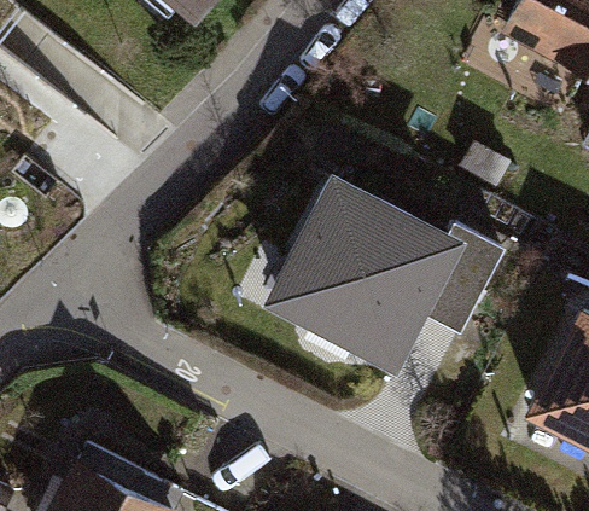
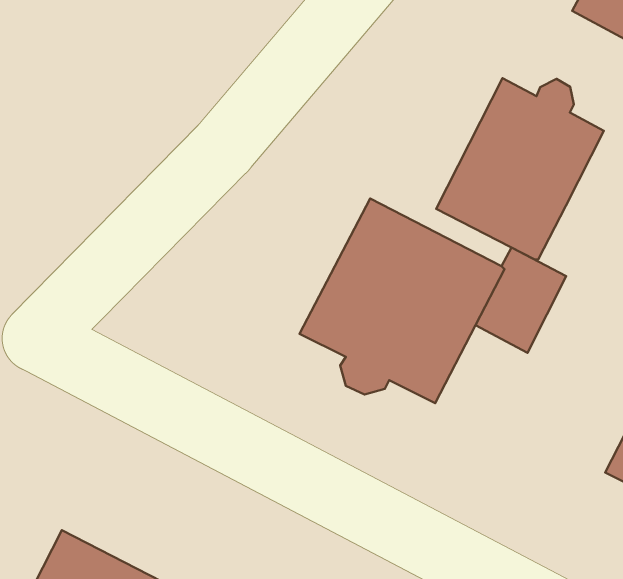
building: none -> [436,78,604,260]

